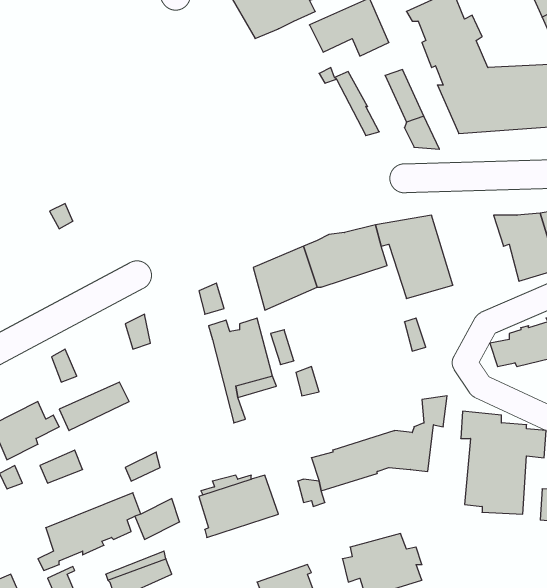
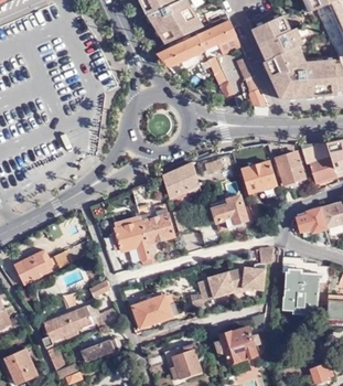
building: none -> [156,34,203,67]
building: none -> [269,142,306,184]
building: none -> [212,195,248,230]
building: none -> [110,215,152,265]

